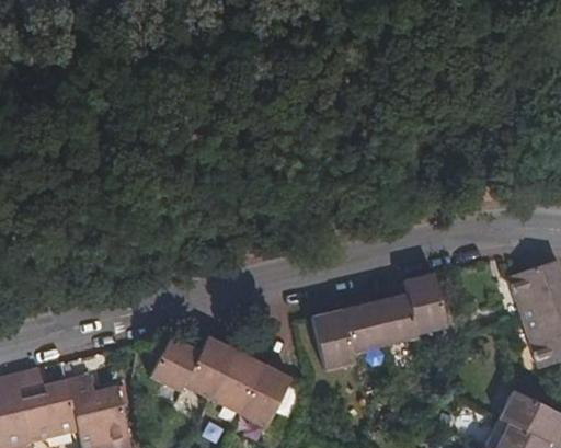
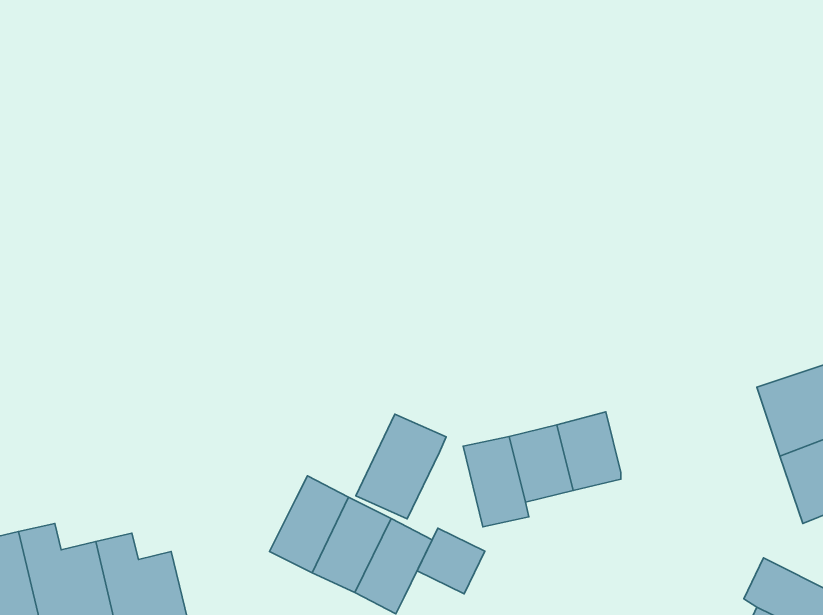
building: [403,274,446,334] -> none
building: none -> [356,414,446,519]
building: [149,337,199,392] -> none
building: none -> [417,528,485,594]

